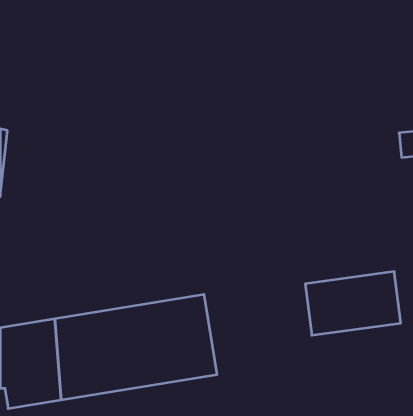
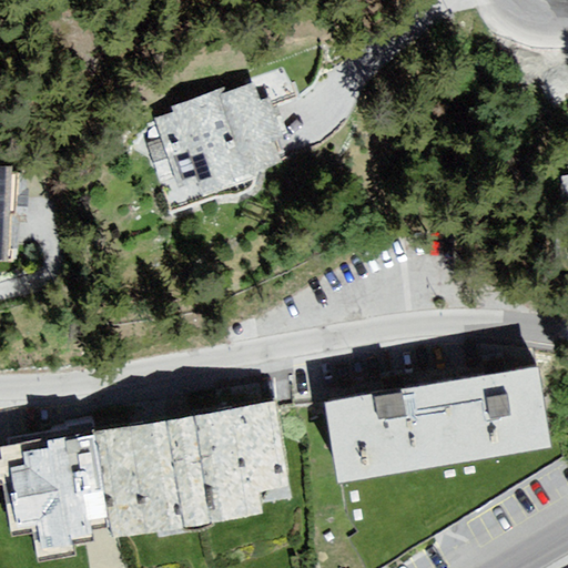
building: none -> [140,65,298,220]
building: none -> [311,386,429,471]

